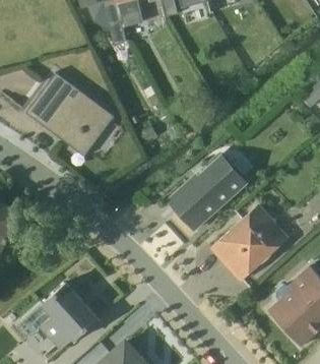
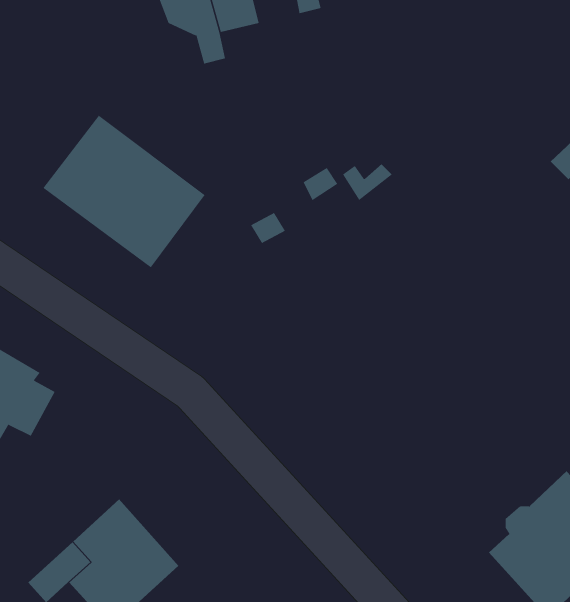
building: [166,153,248,232] -> none
building: [209,204,290,282] -> none

